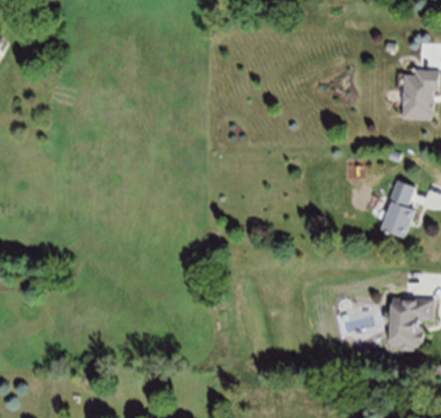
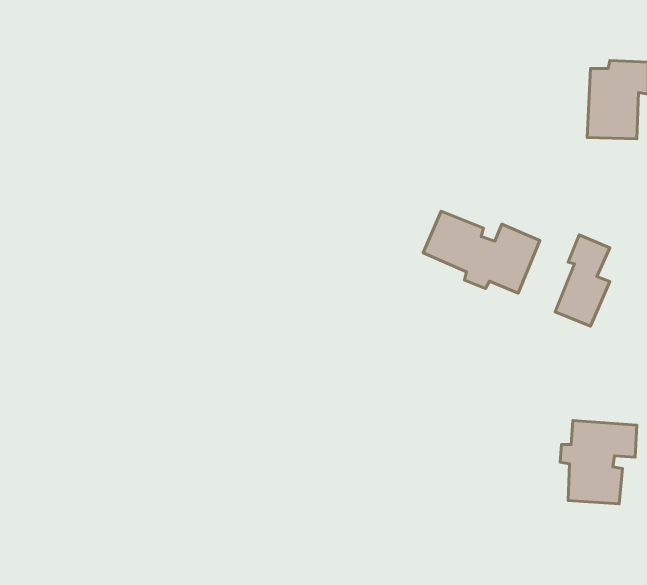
building: none -> [423,211,540,293]

